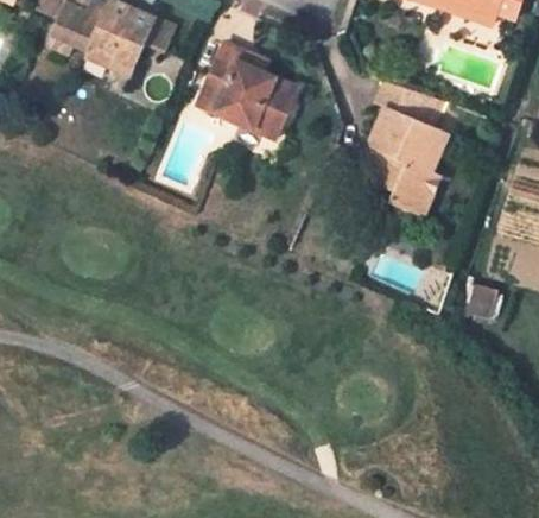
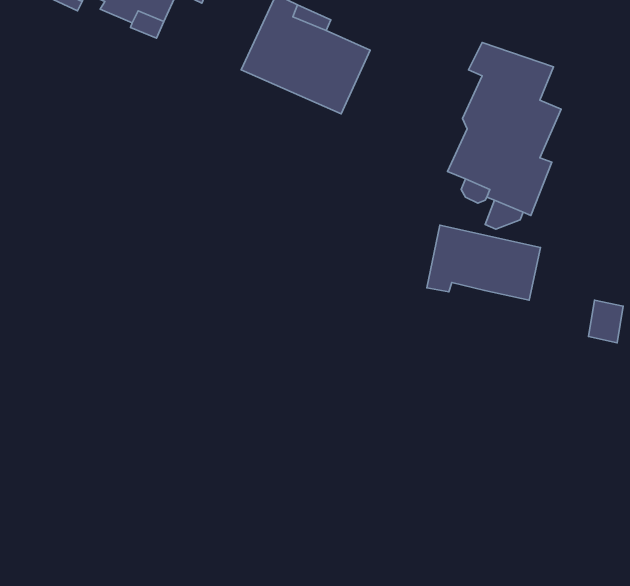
building: none -> [427,225,540,300]

